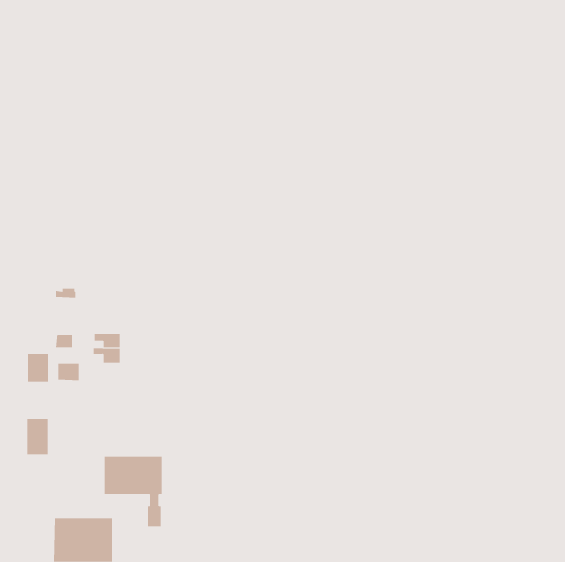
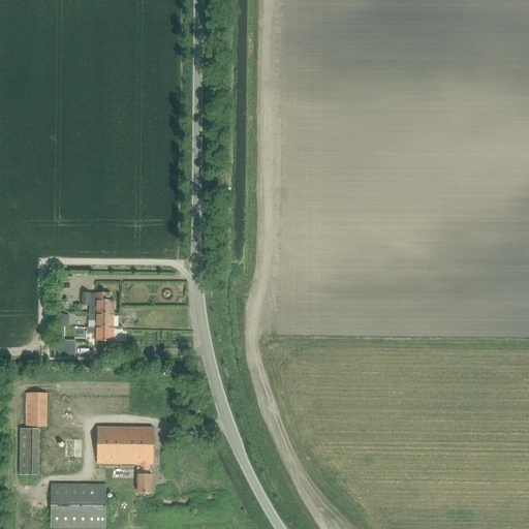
building: none -> [82,291,113,312]
building: [28,353,49,383] -> none
building: none -> [19,427,38,474]

